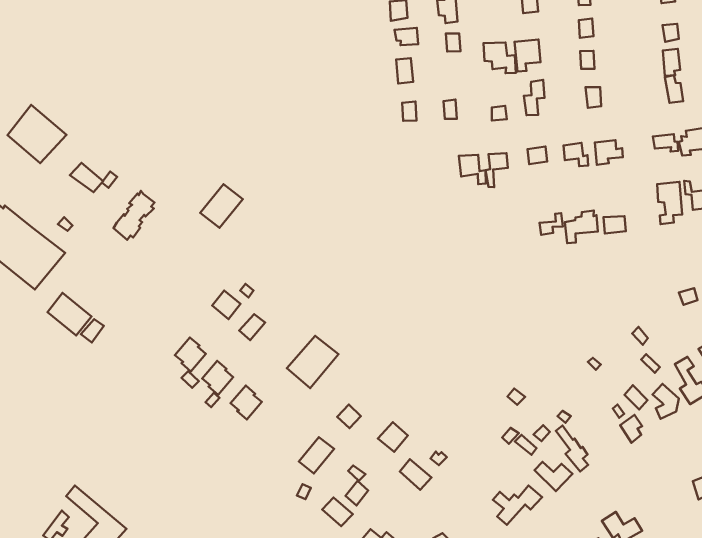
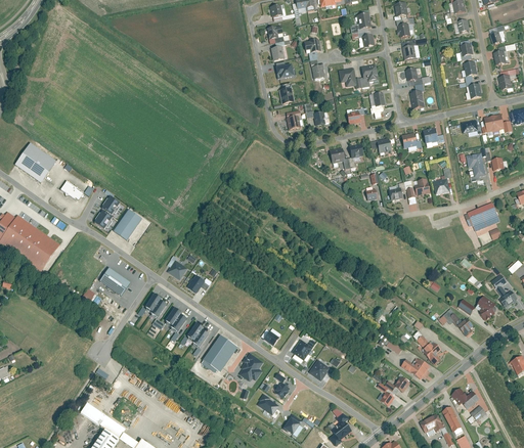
building: [200,184,243,228] -> [114,209,142,239]
building: none -> [467,201,499,228]
building: [47,293,91,336] -> [99,267,130,296]
building: [287,336,339,388] -> [203,334,237,371]

